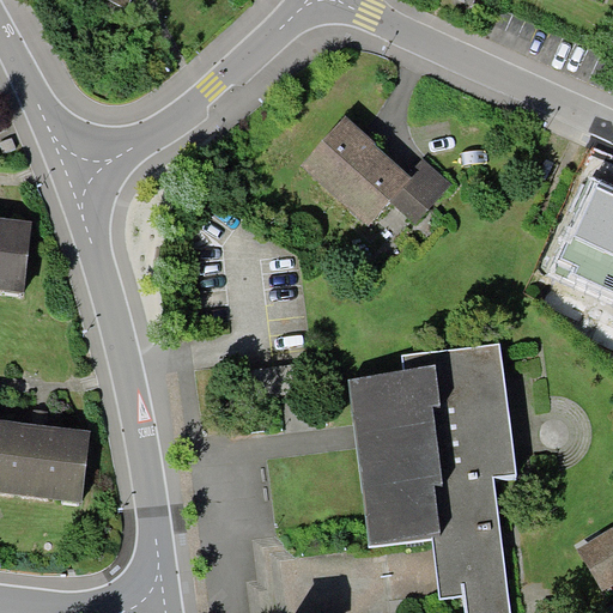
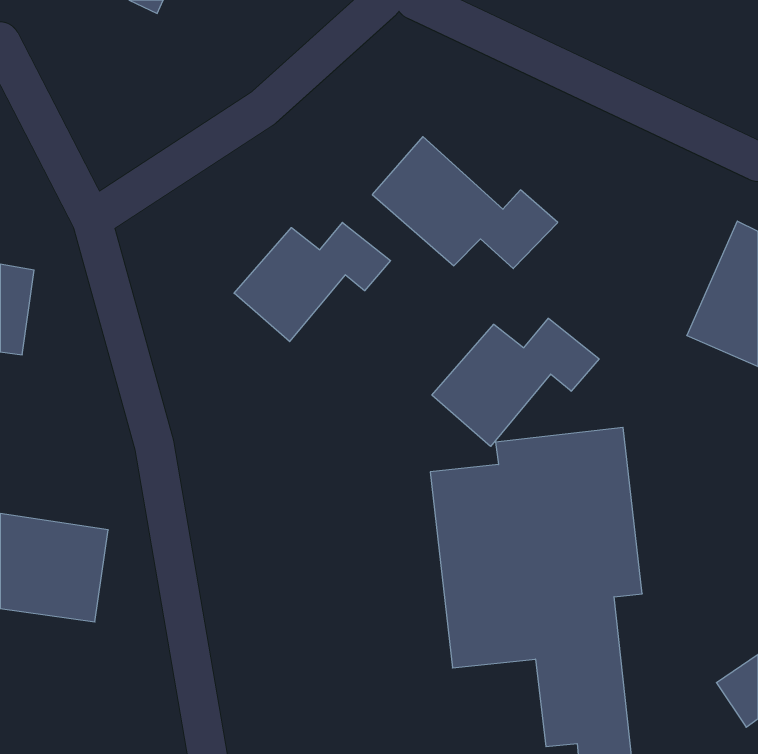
building: none -> [234,222,391,342]
building: none -> [432,318,599,446]

